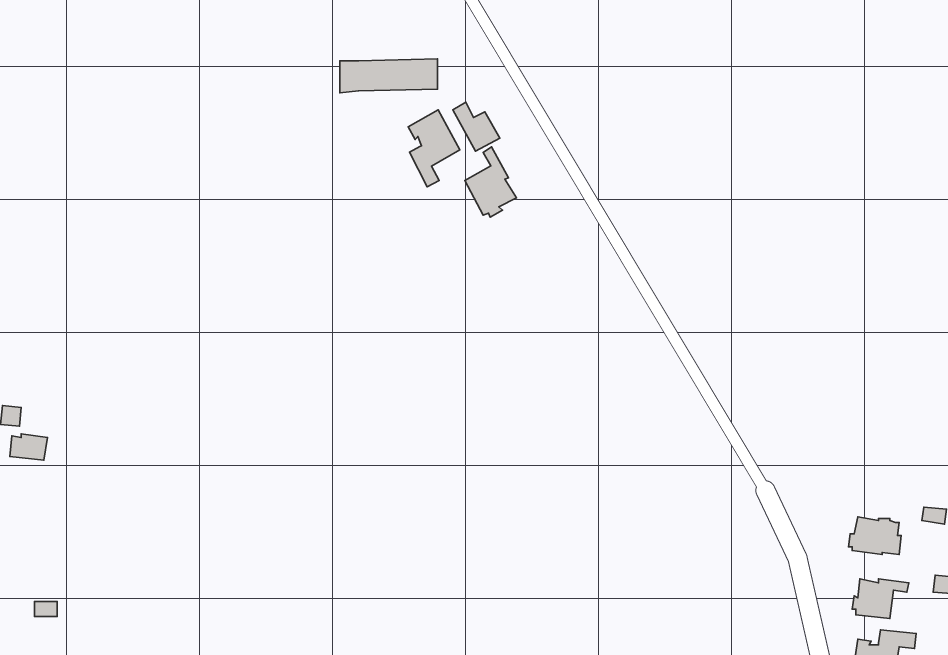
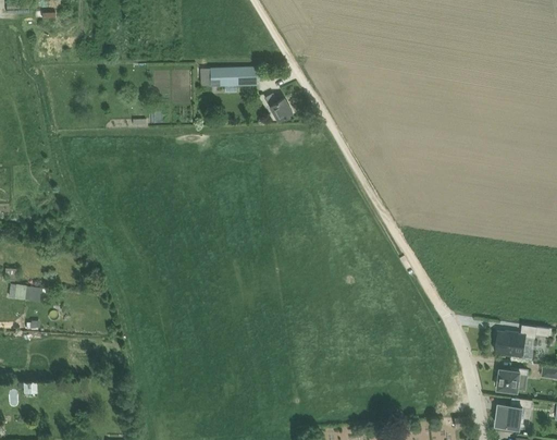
building: [408,110,460,187] -> none
building: [465,147,517,217] -> none

